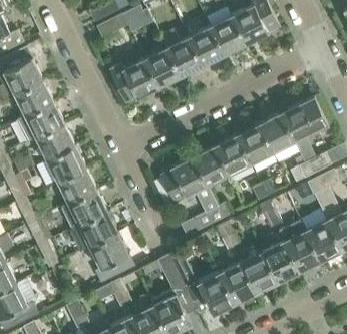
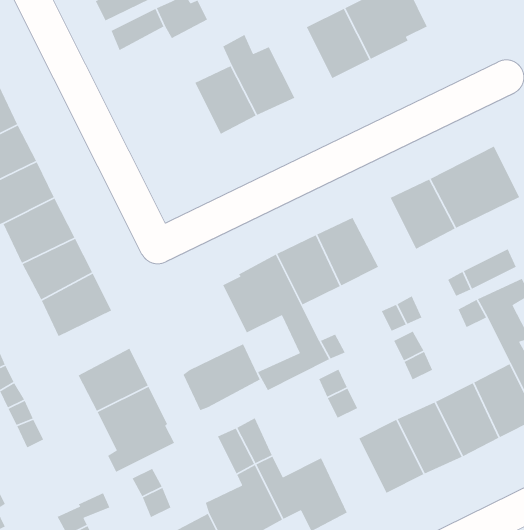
building: [188,26,224,67] -> none
building: [106,58,159,104] -> none
building: [236,124,272,164] -> none
building: [62,190,107,229] -> [182,343,261,411]
building: [218,263,255,306] -> none

